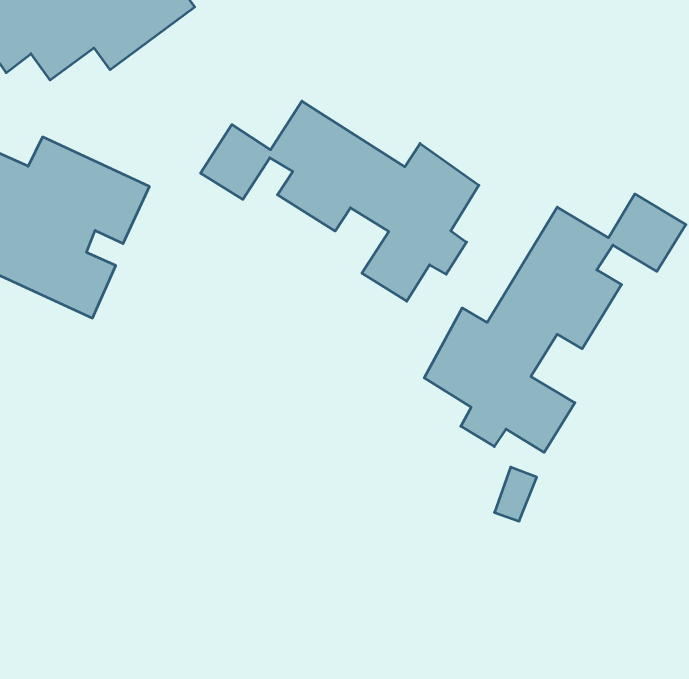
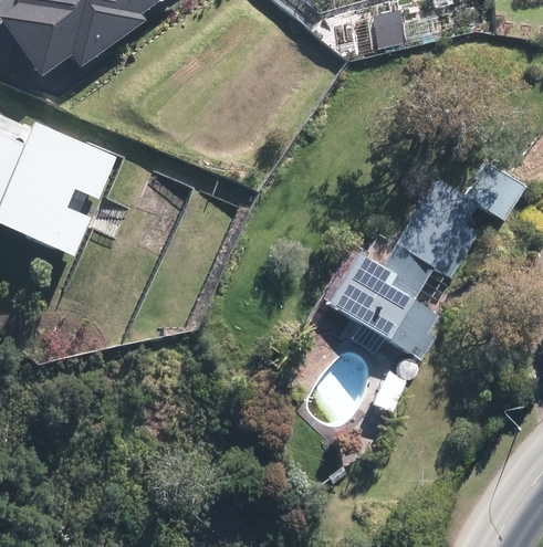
building: [201,101,479,301] -> none

